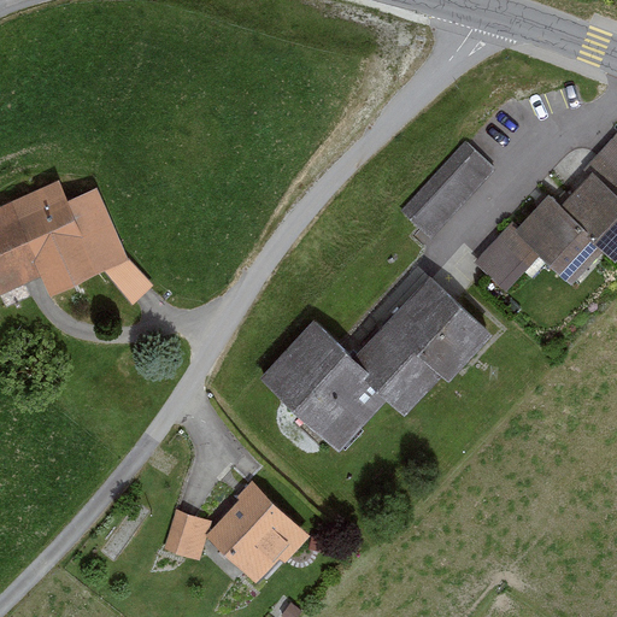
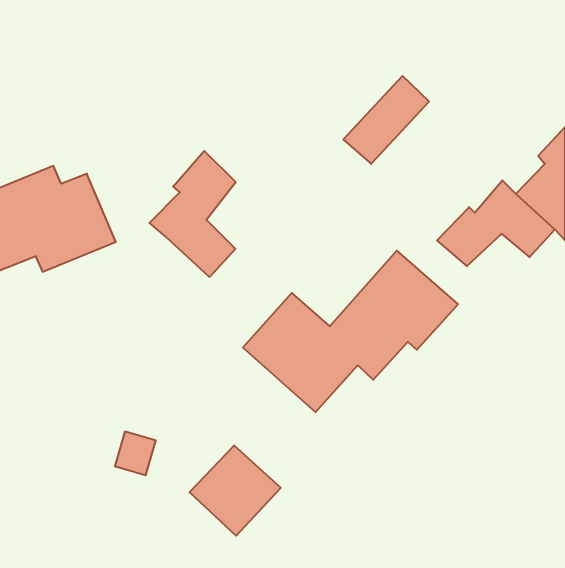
building: [399,143,492,239] -> [343,76,429,164]
building: none -> [149,151,236,277]
building: [163,511,207,558] -> [115,432,156,475]

